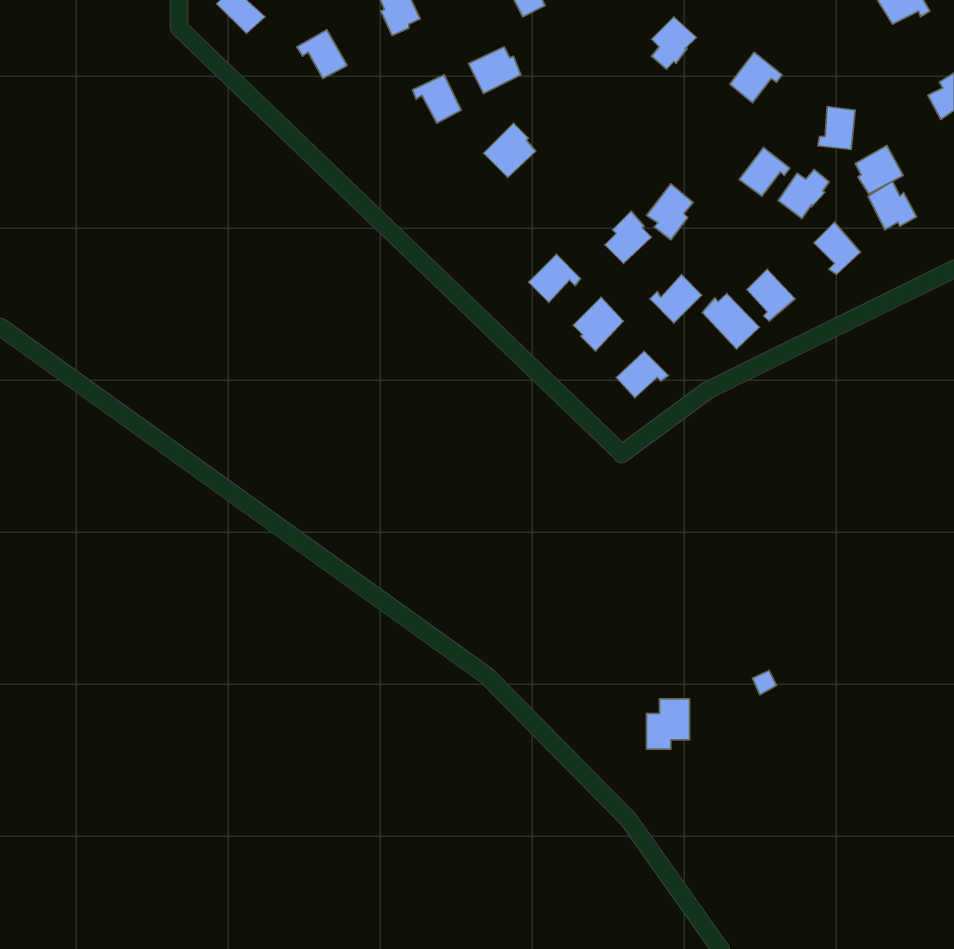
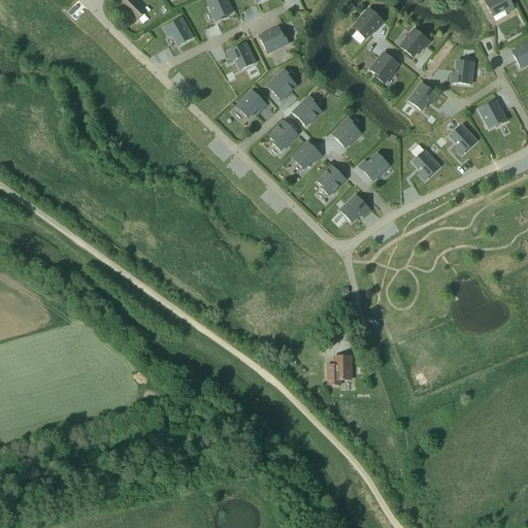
building: [855,146,903,194] -> none
building: none -> [236,89,266,116]
building: [778,170,829,219] -> none
building: none -> [293,95,321,124]
building: [647,184,693,240] -> [373,53,399,84]
building: none -> [268,120,297,148]
building: [702,293,760,349] -> none
building: [647,699,689,749] -> [327,355,351,383]

